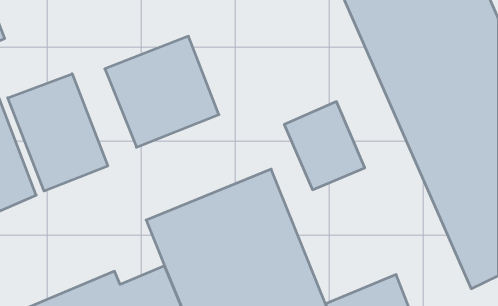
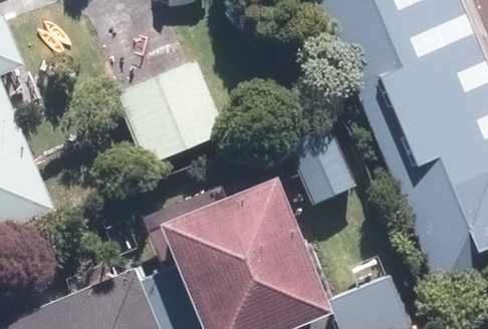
building: [8,74,108,191] -> none

